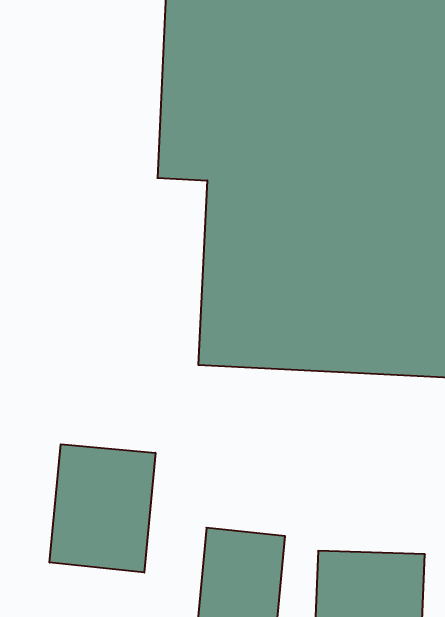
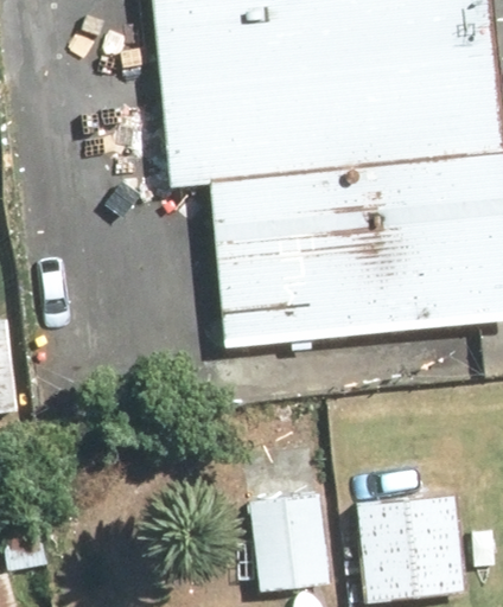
building: [50,444,155,573] -> none

